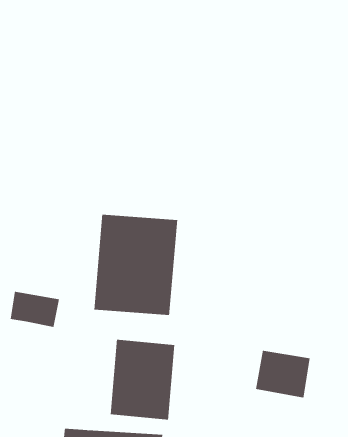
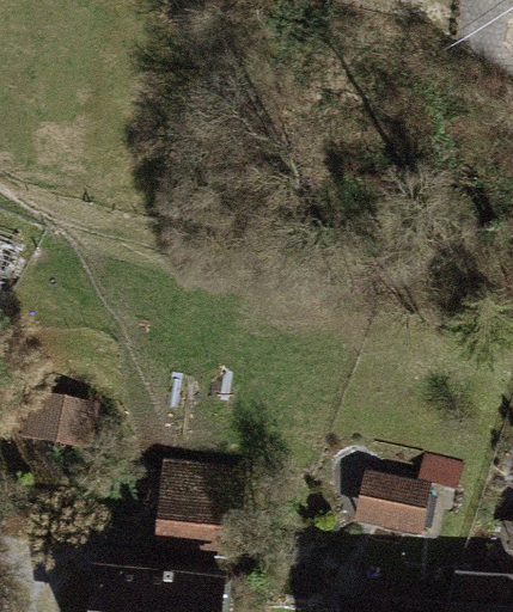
building: [94,214,178,316] -> none

